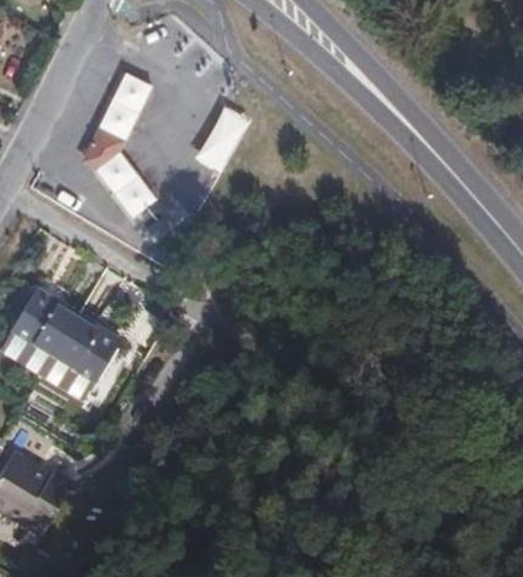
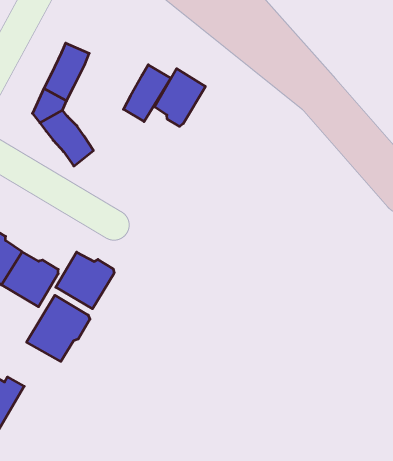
building: none -> [154,69,205,126]
building: none -> [56,252,114,309]
building: none -> [27,295,90,361]

